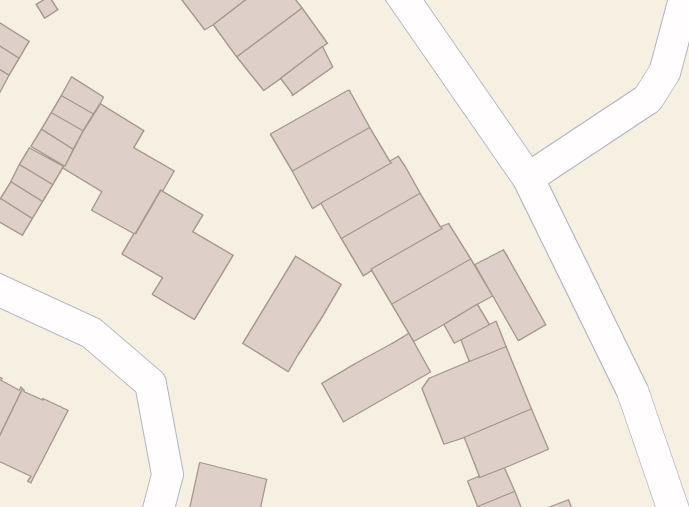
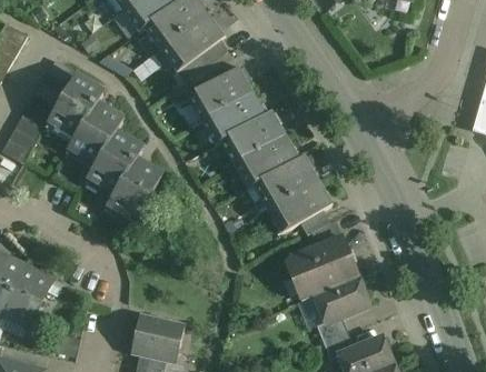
building: none -> [179,51,237,95]
building: [475,250,546,341] -> none
building: [243,256,341,372] -> none
building: [322,333,430,422] -> none

